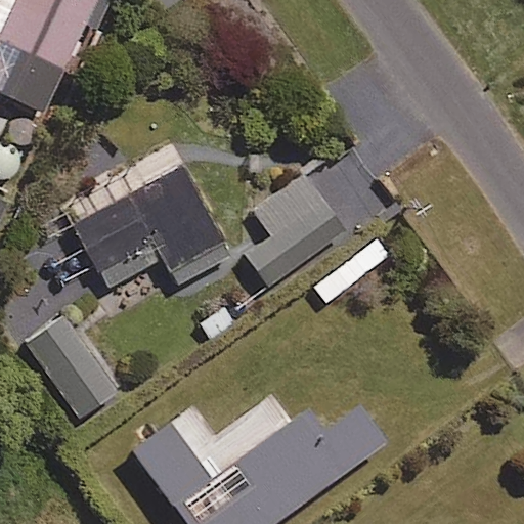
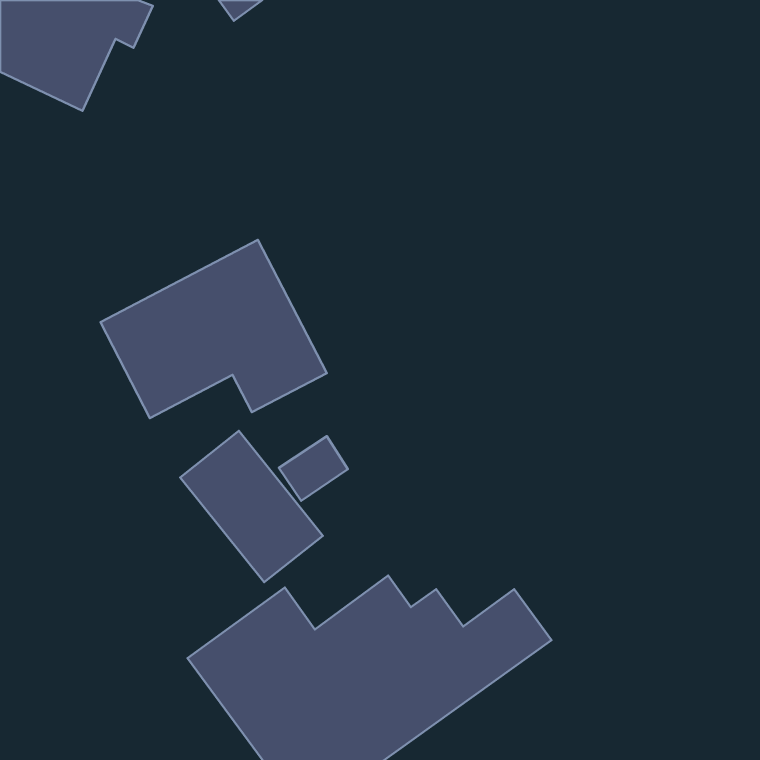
building: [246,180,341,288] -> none
building: [24,315,121,419] -> [180,431,323,582]

